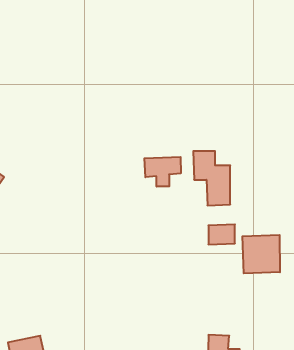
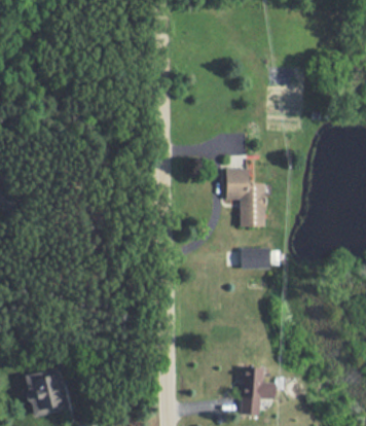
building: [144,157,181,187] -> none
building: [242,235,280,273] -> none

